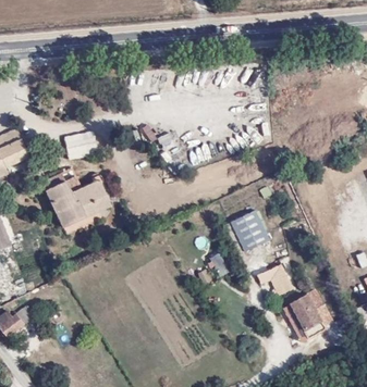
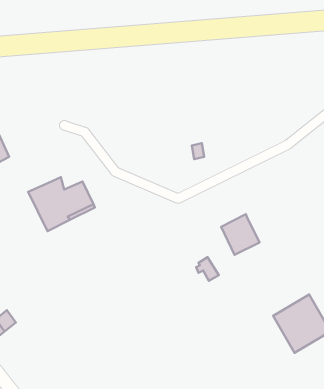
building: [65,133,97,159] -> none
building: [258,264,295,297] -> none

